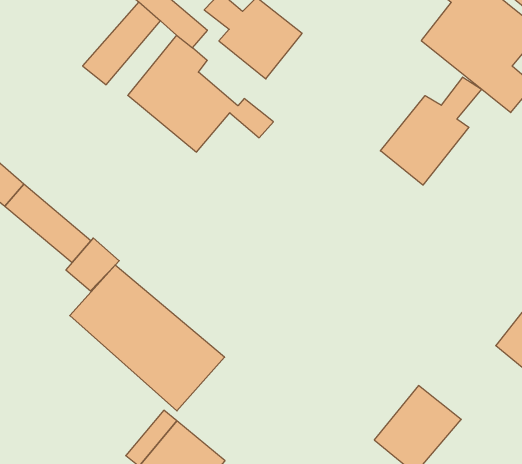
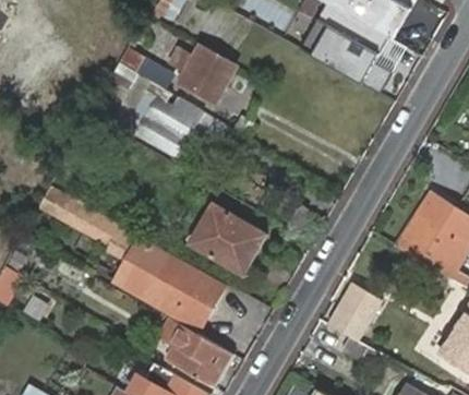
building: [380,77,482,185] -> none
building: none -> [188,202,266,273]

